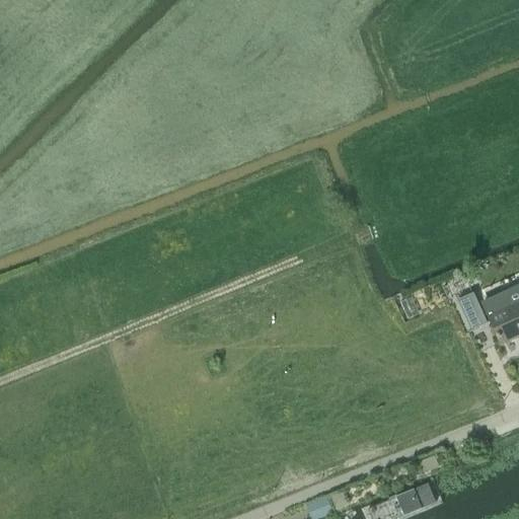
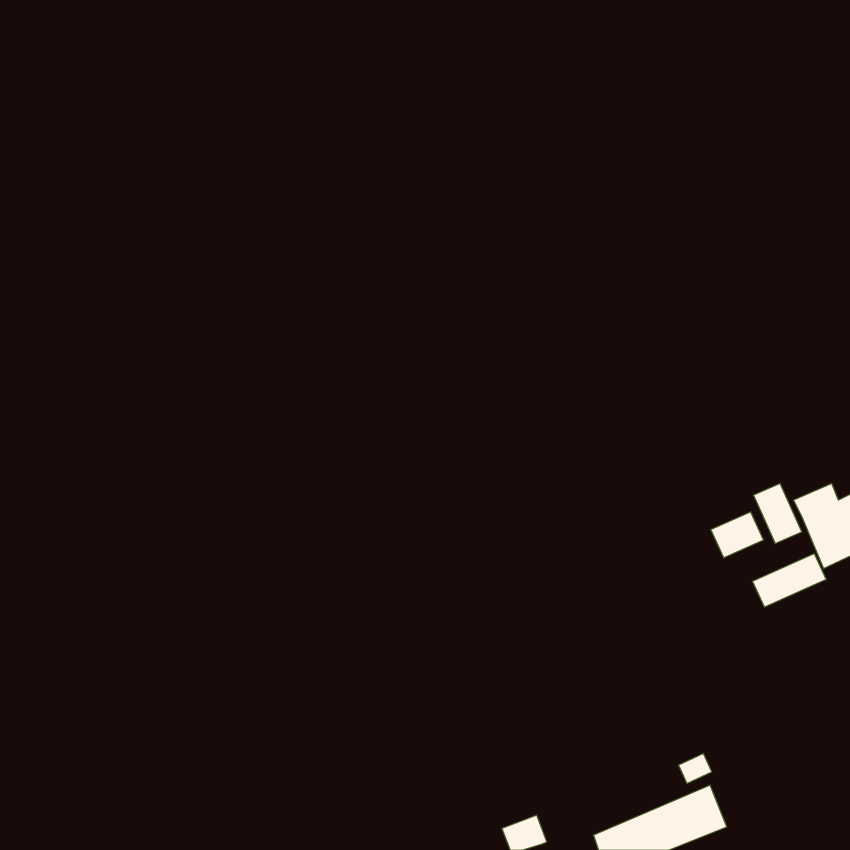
building: none -> [711,512,764,558]
building: none -> [753,554,826,607]

